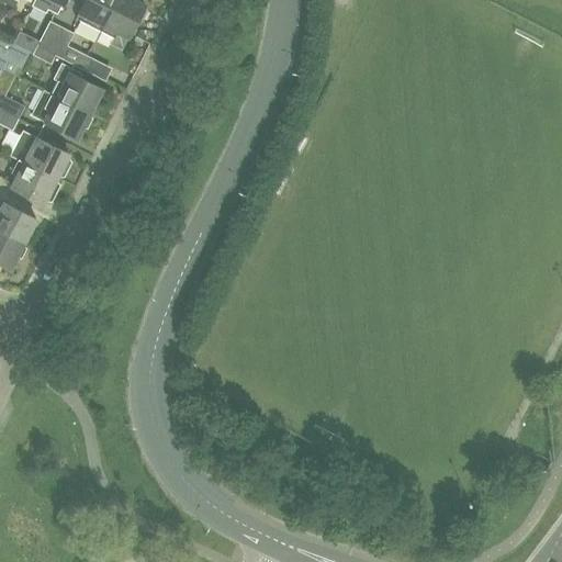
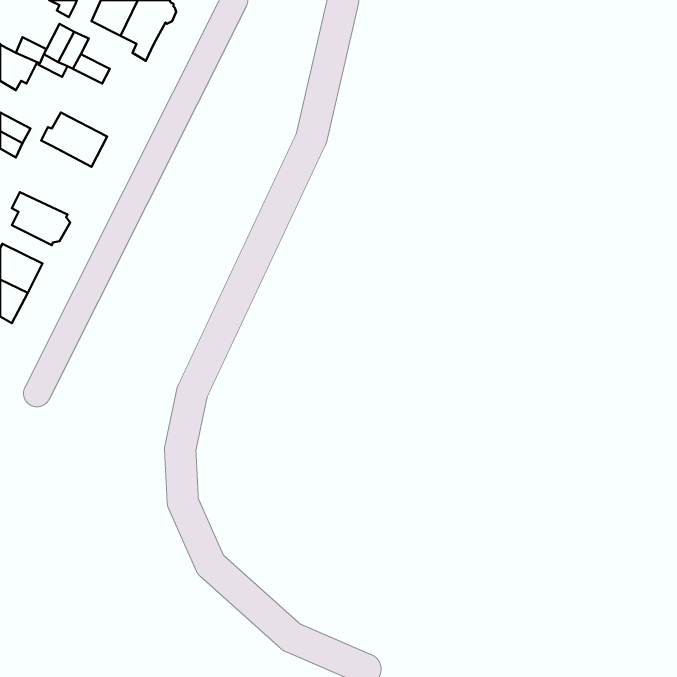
building: [50,63,102,113] -> none
building: [9,131,70,178] -> none

